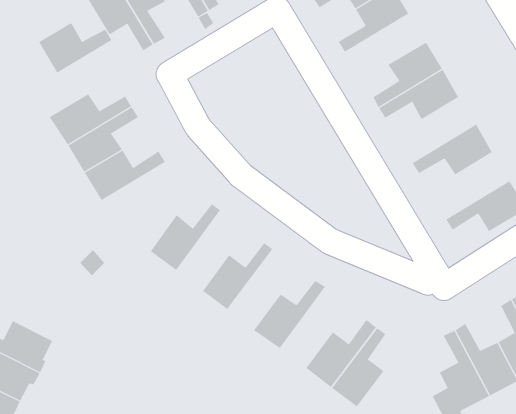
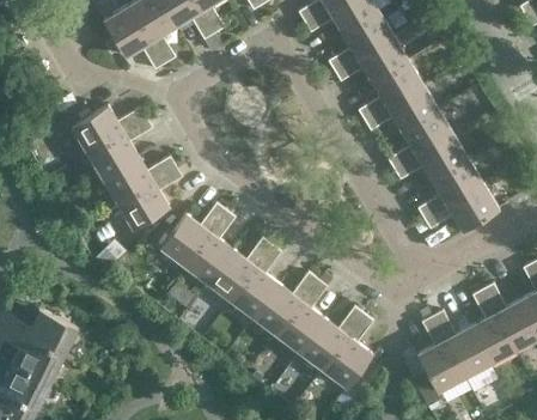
building: none -> [335,36,408,81]
building: [38,22,112,74] -> none
building: none -> [389,110,452,169]
building: none -> [419,159,482,219]
building: none -> [118,168,182,227]
building: none -> [185,211,234,282]
building: none -> [231,245,281,317]
building: none -> [277,279,327,351]

